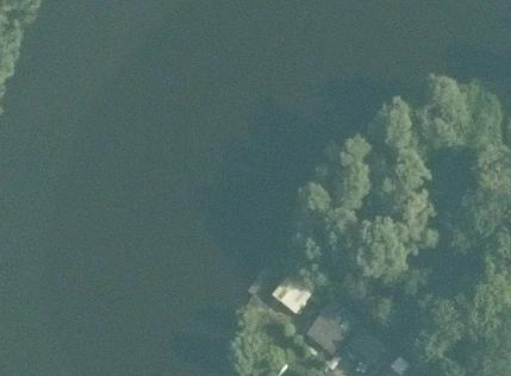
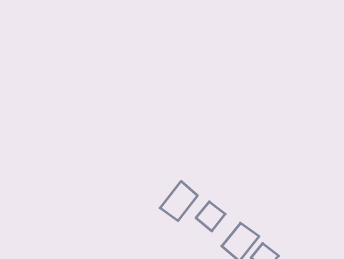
building: none -> [160,181,197,221]

